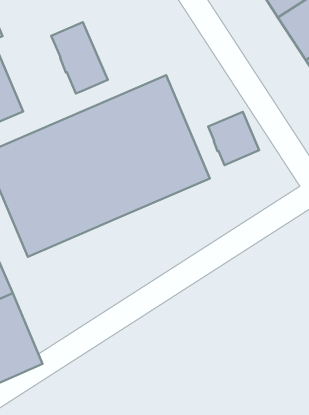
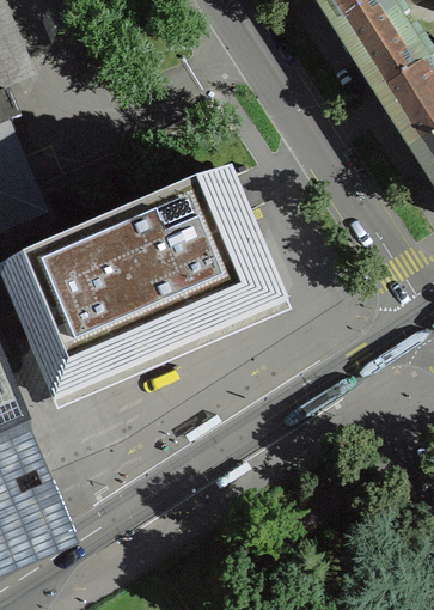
building: [51,22,108,94] -> none
building: [208,112,259,165] -> none

